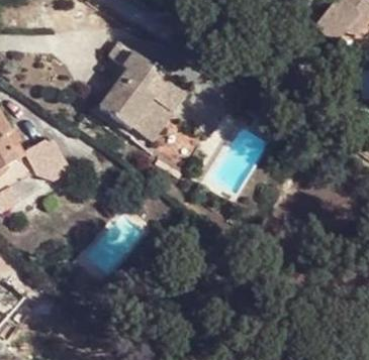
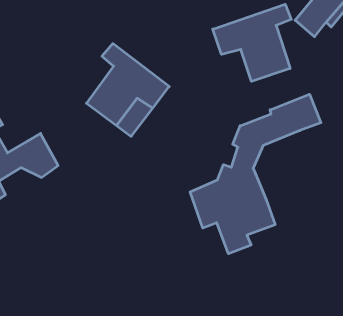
building: none -> [213,4,291,81]
building: none -> [190,94,321,254]

